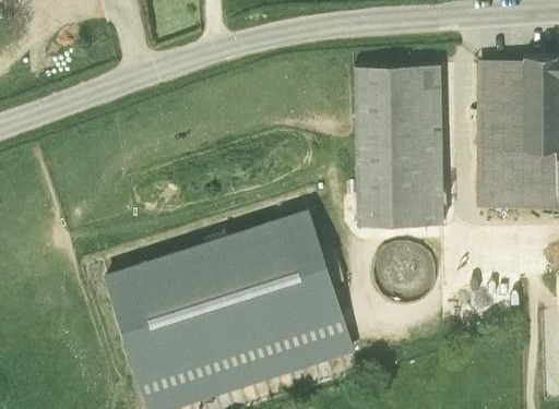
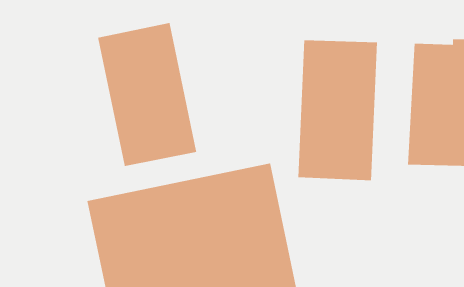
building: none -> [98,22,197,167]

